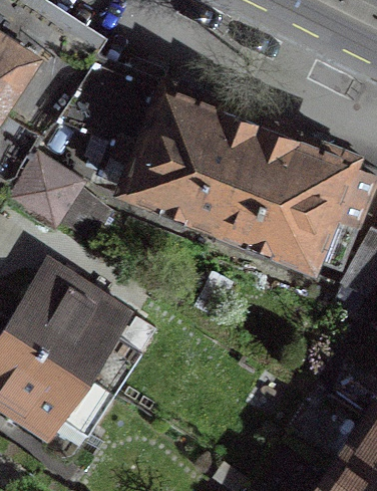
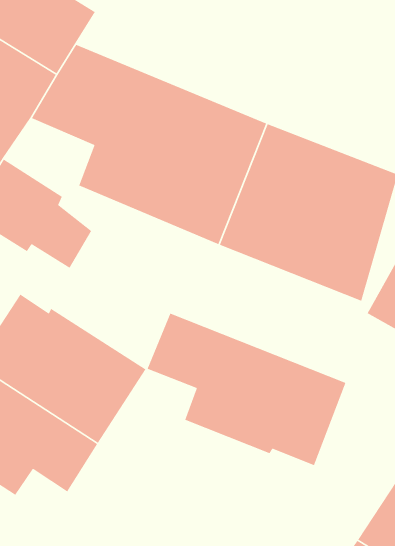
building: none -> [147,312,347,466]

